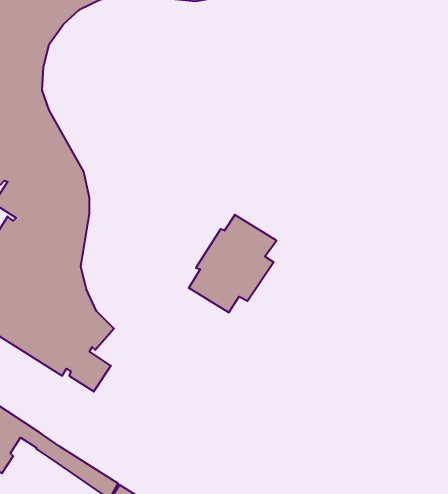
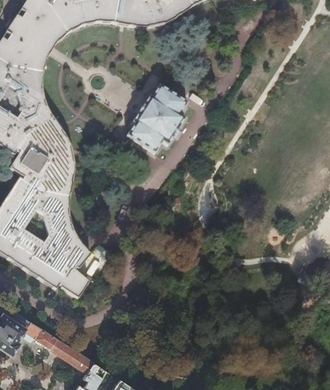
building: [189,215,276,312] -> [128,86,189,154]

